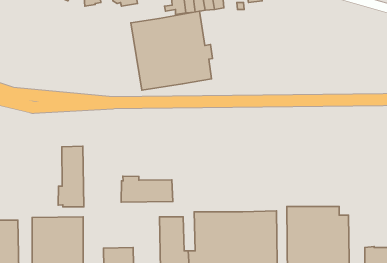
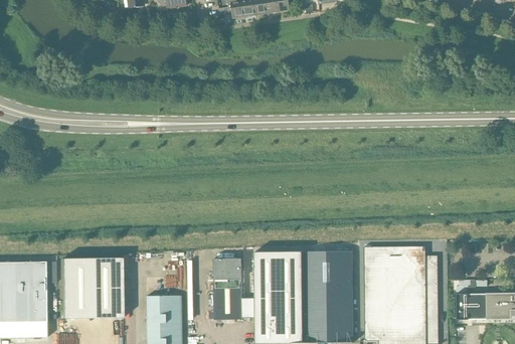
building: [131,11,212,90] -> none
building: [58,146,84,207] -> none
building: [121,176,173,202] -> none

